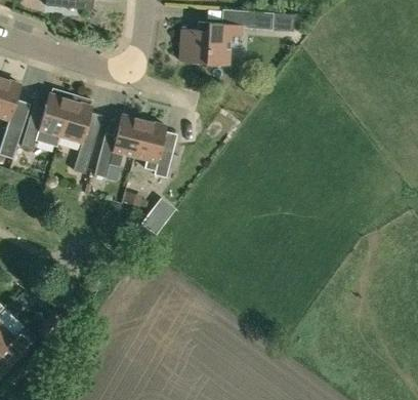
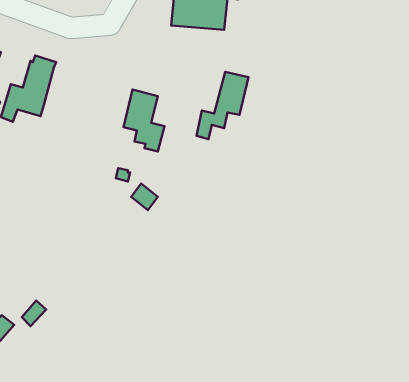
building: [60,94,96,173] -> none
building: [94,115,142,177] -> [196,72,248,139]

